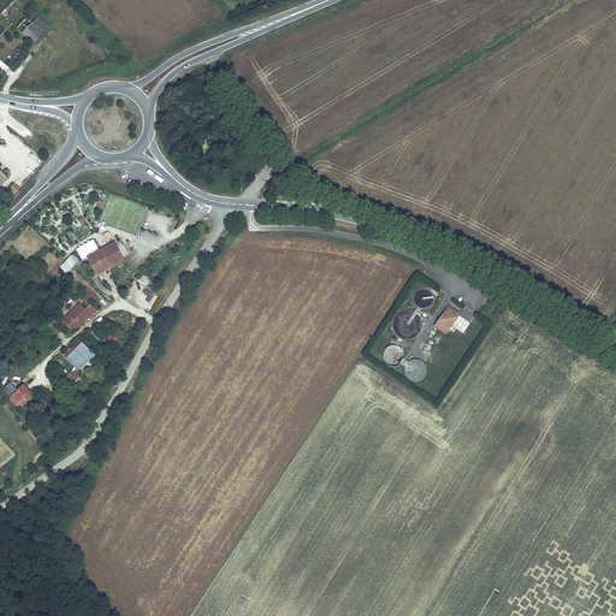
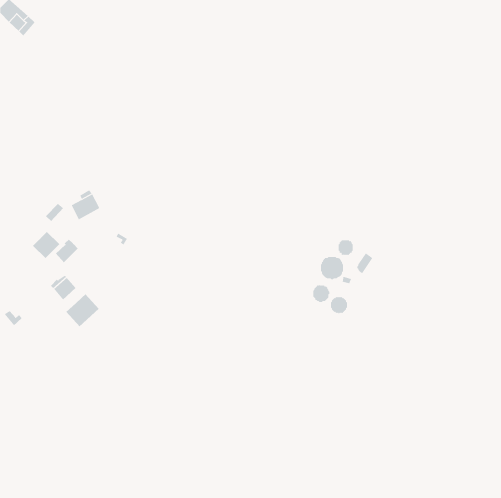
building: none -> [32,231,60,259]
building: none -> [65,294,100,327]

